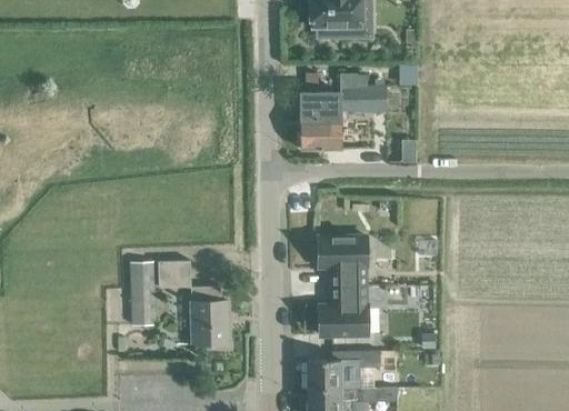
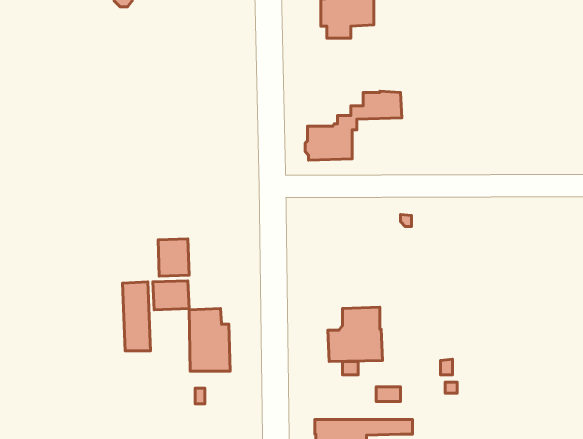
building: [301,73,367,118] -> none
building: none -> [158,239,189,276]
building: [318,235,368,285] -> none
building: [307,359,341,388] -> none

